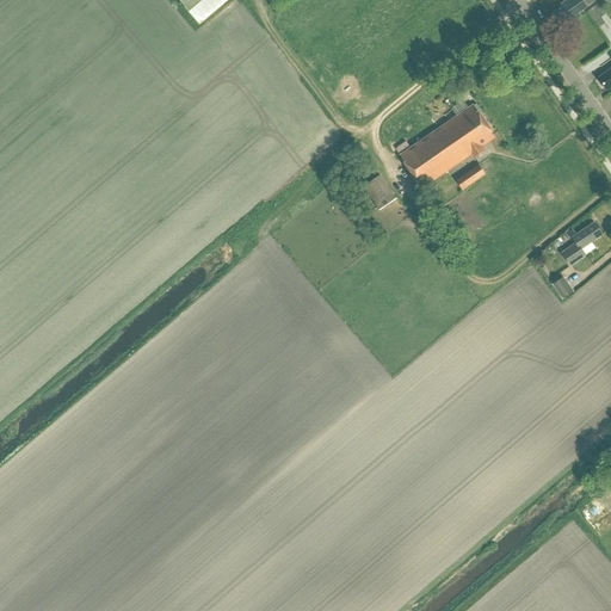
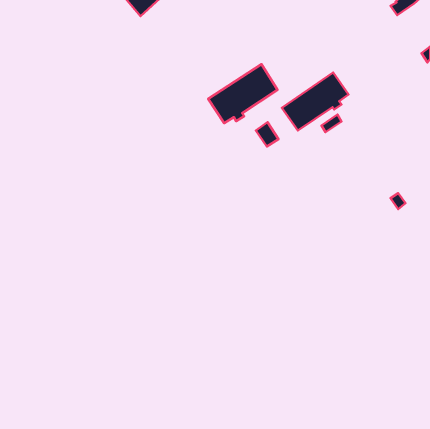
building: none -> [208,64,278,123]
building: [562,220,603,263] -> none

